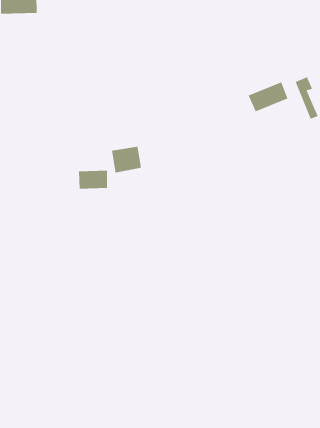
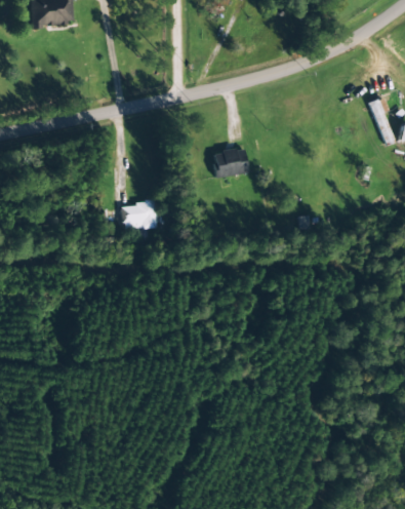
building: [248,81,288,112] -> none
building: [111,146,142,173] -> [213,148,248,179]

